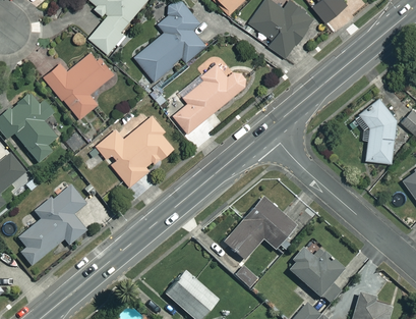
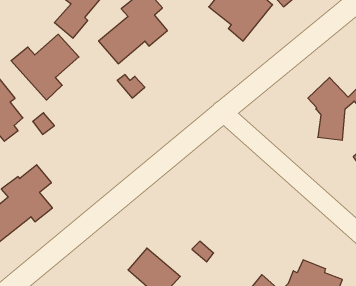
building: [174,62,250,132] -> none
building: [98,116,176,185] -> none
building: [216,196,295,263] -> none
building: [283,246,340,303] -> none

